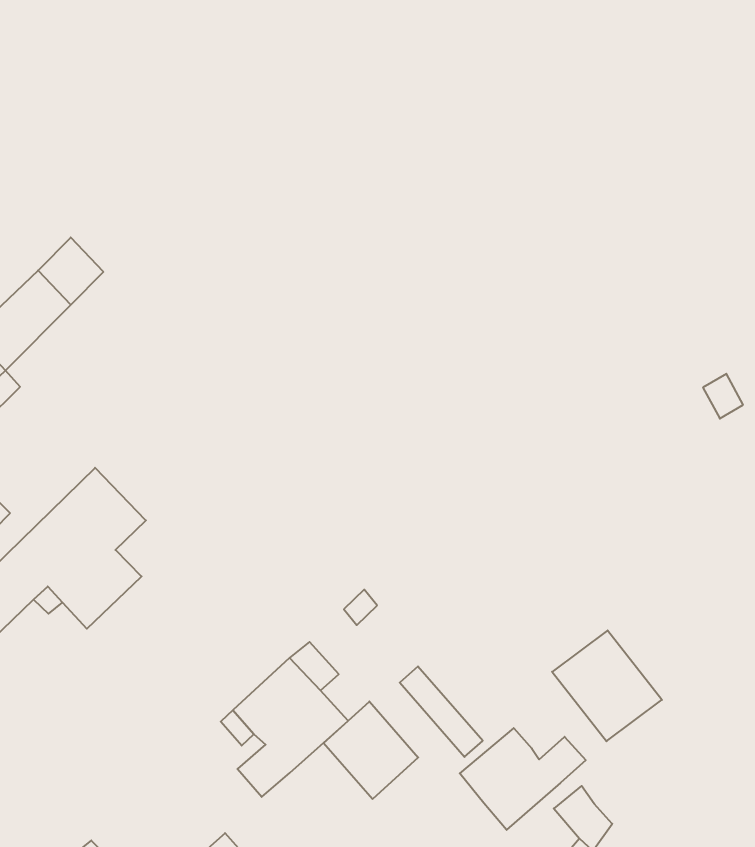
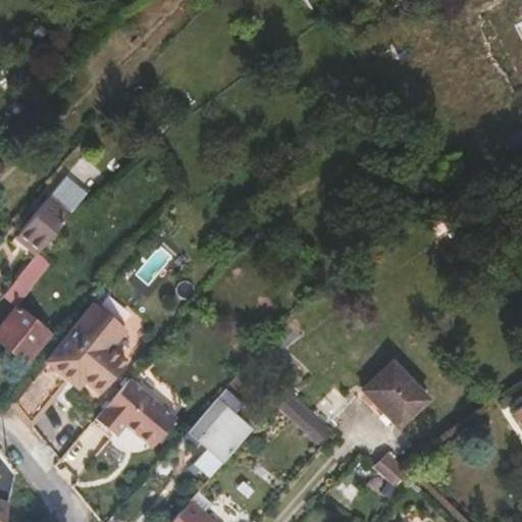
building: none -> [96,378,177,447]
building: [324,701,418,799] -> none
building: [460,728,586,830] -> none

